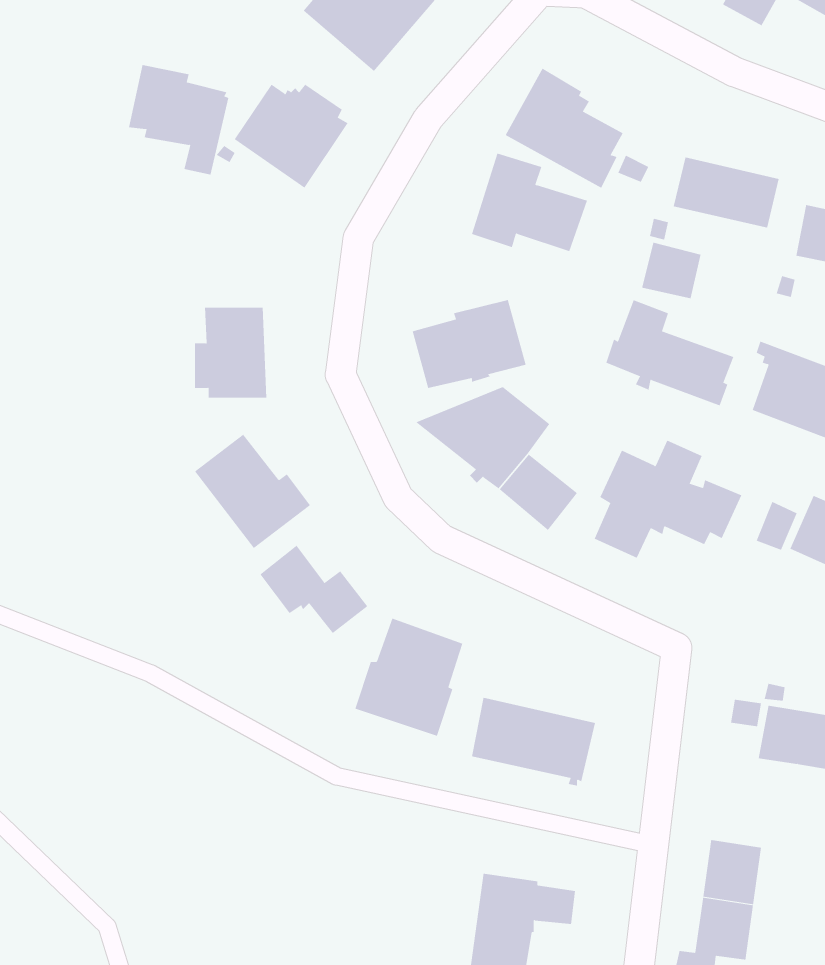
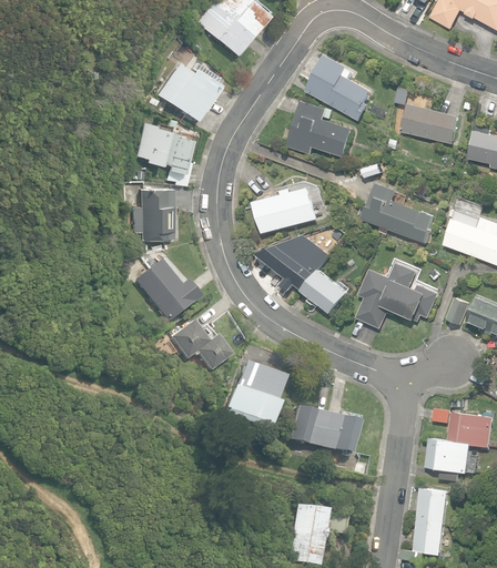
building: [128,64,229,175] -> [132,121,189,183]
building: [642,242,701,299] -> none
building: none -> [424,437,469,481]

